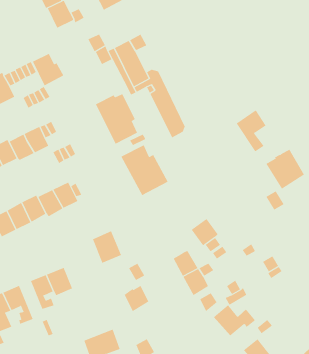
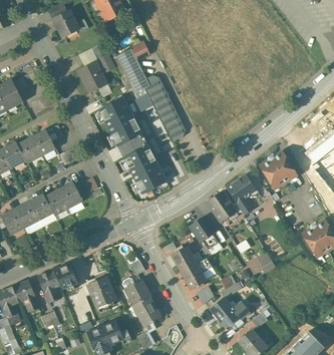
building: [32,53,64,86] -> [78,61,108,92]
building: [236,110,267,152] -> [226,174,255,215]
building: none -> [207,191,238,222]
building: [92,231,122,264] -> [87,276,115,307]
building: none -> [132,295,160,326]

